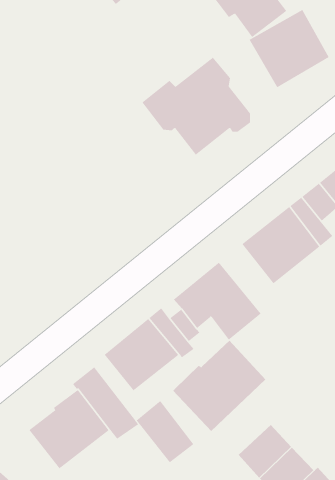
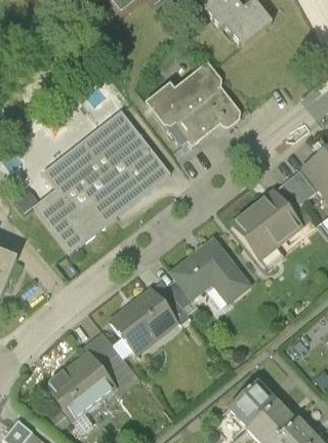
building: [249,9,330,88] -> none
building: none -> [34,111,171,252]
building: [172,340,266,432] -> none
building: [136,400,194,463] -> none

